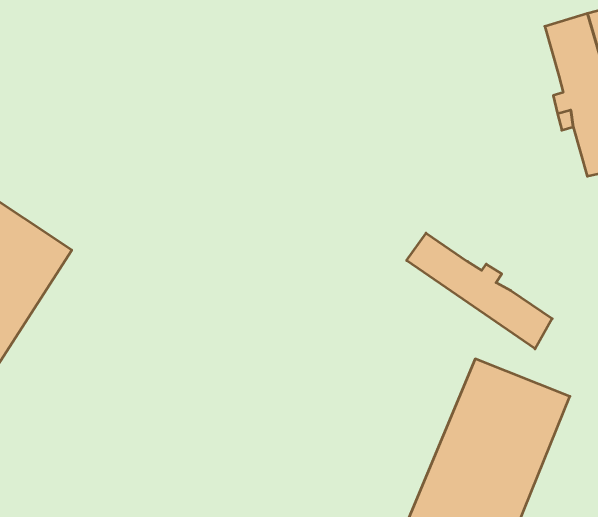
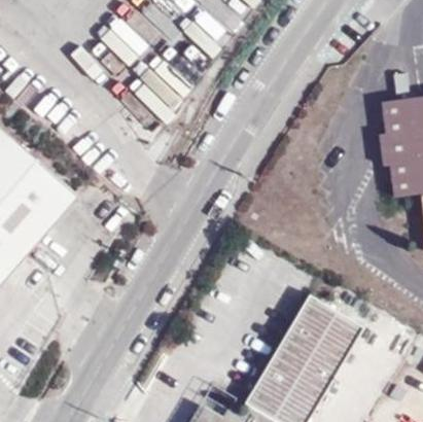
building: [407,233,552,349] -> none

